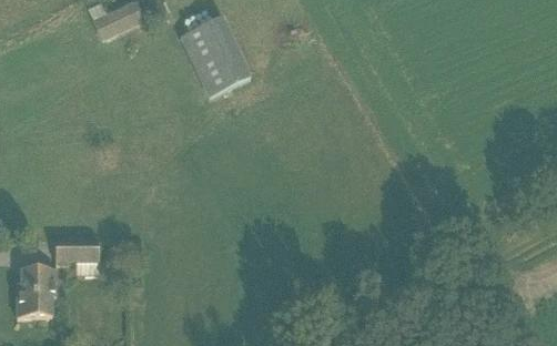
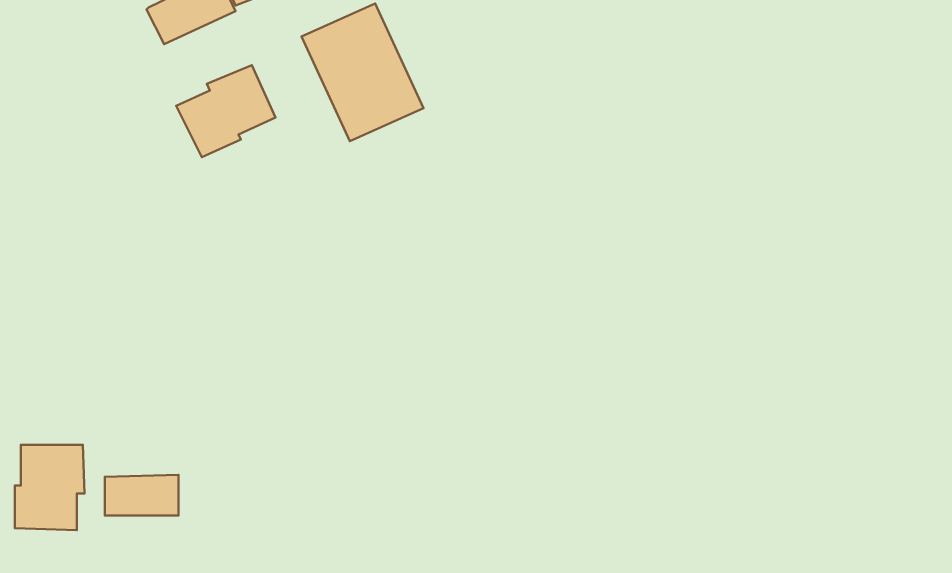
building: none -> [176,65,276,157]
building: [55,237,98,261] -> [105,475,179,516]

